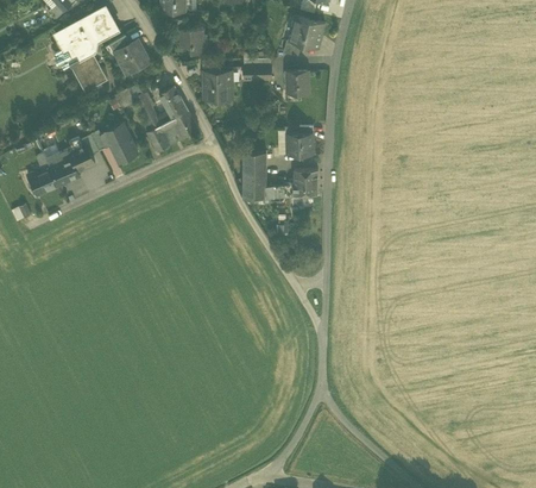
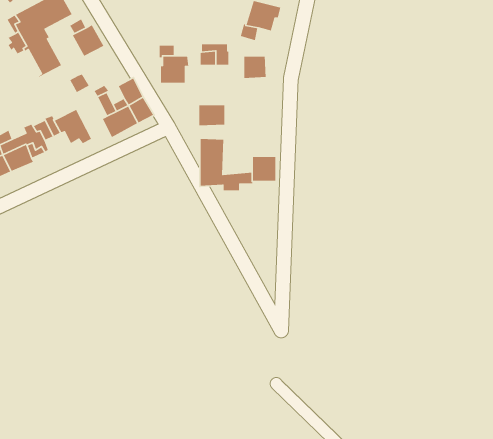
building: [171,27,206,54] -> none
building: [286,134,313,156] -> [199,104,225,126]

